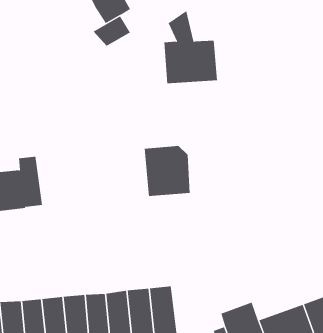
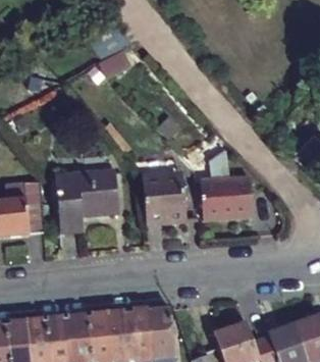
building: [163,10,218,84] -> [200,149,252,219]
building: none -> [53,166,116,229]

